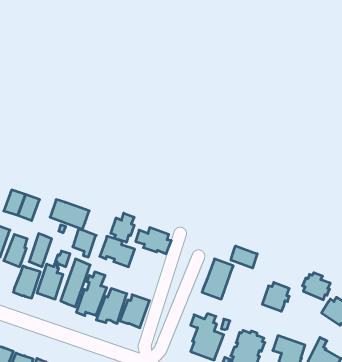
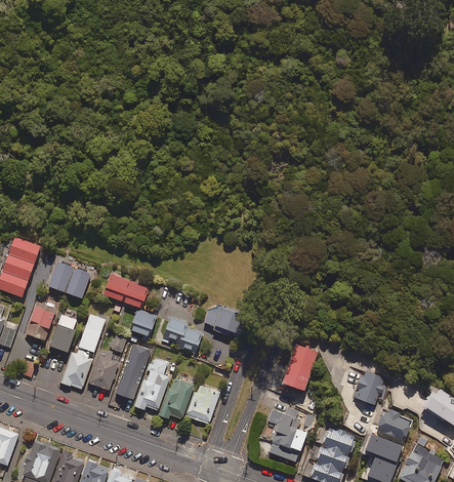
building: [111,213,134,242] -> none
building: [231,246,257,268] -> none
building: [302,273,330,300] -> [376,409,409,441]

